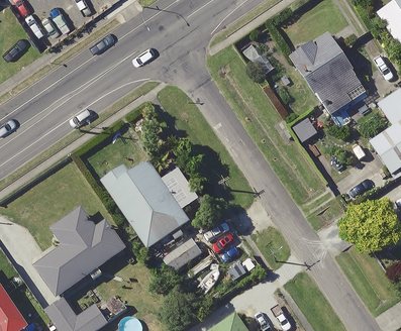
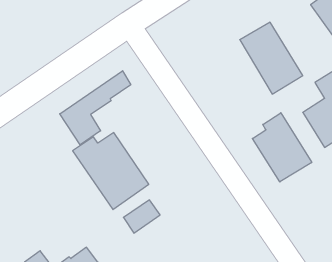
building: none -> [60,71,131,145]
building: none -> [252,113,312,182]
building: [33,205,125,297] -> none

